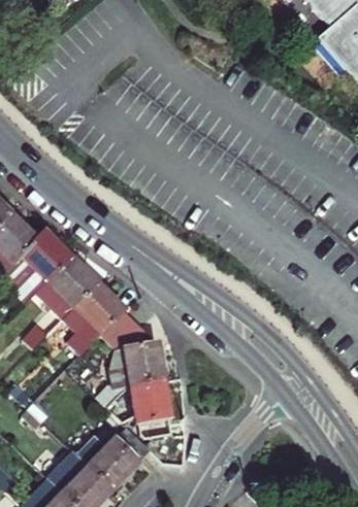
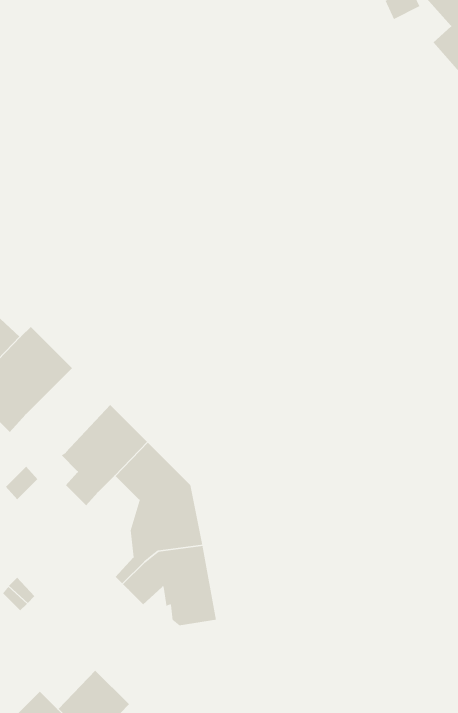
building: [40,257,98,314] -> none
building: [75,425,151,487] -> none

